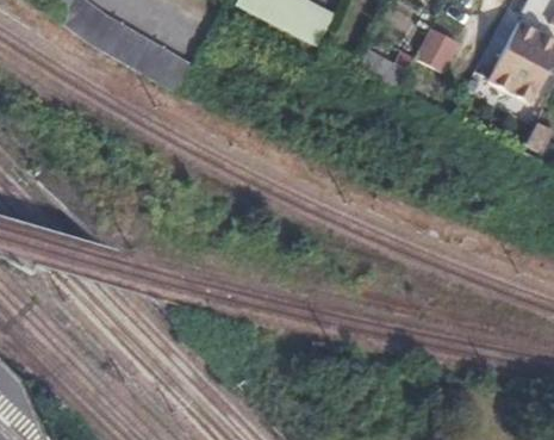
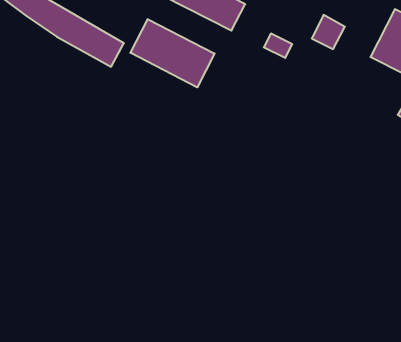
building: none -> [130,19,215,87]

